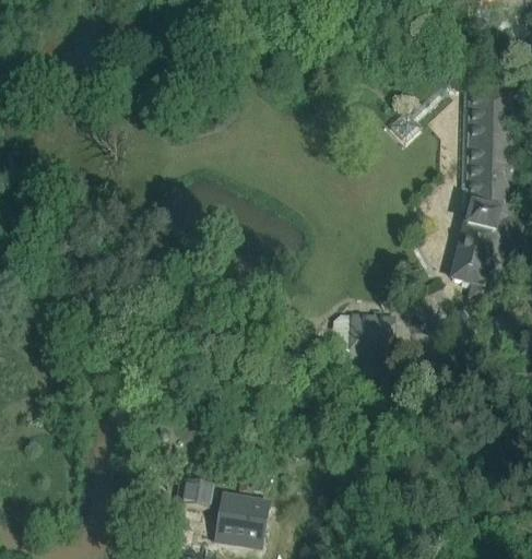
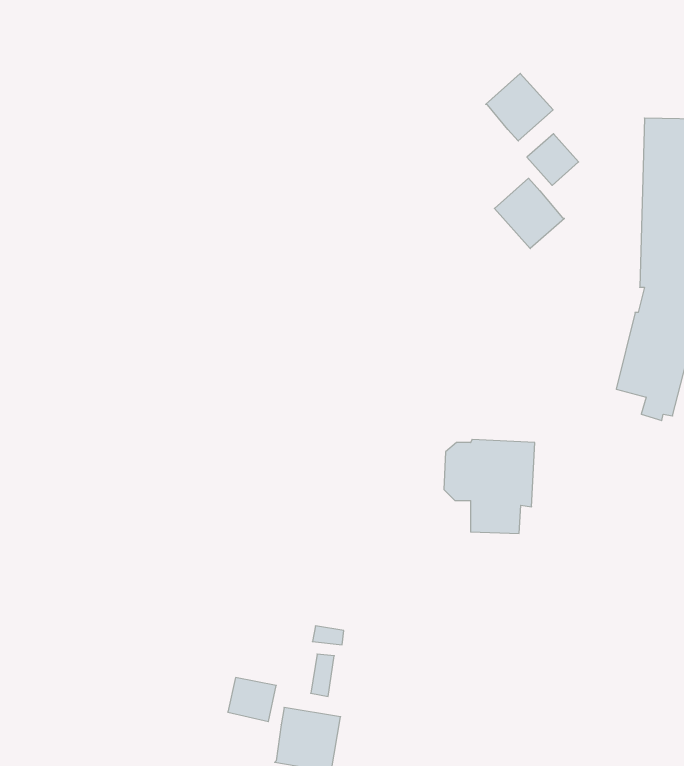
building: none -> [486,73,553,141]
building: none -> [494,178,564,249]

